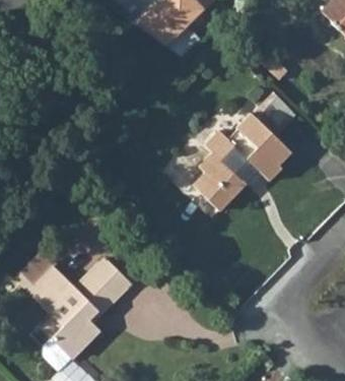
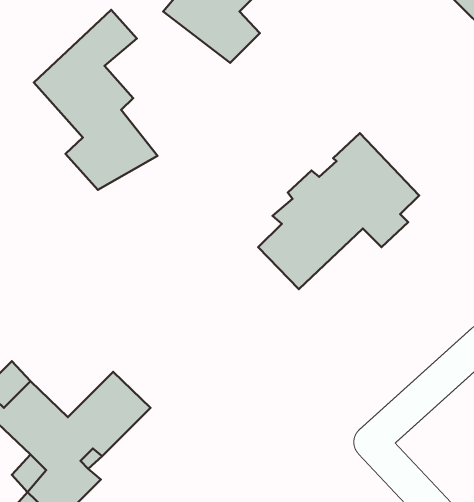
building: none -> [34,10,158,190]

